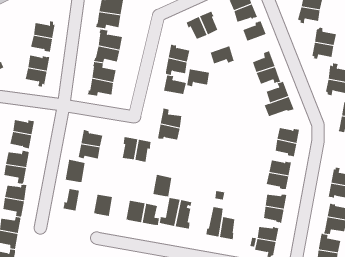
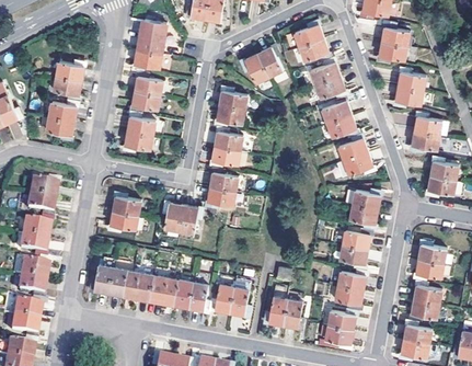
building: [210,45,235,64] -> [316,77,347,100]
building: [186,69,210,87] -> [211,146,240,168]
building: [65,159,86,183] -> [108,267,134,296]
building: [153,174,172,198] -> [149,275,173,304]

